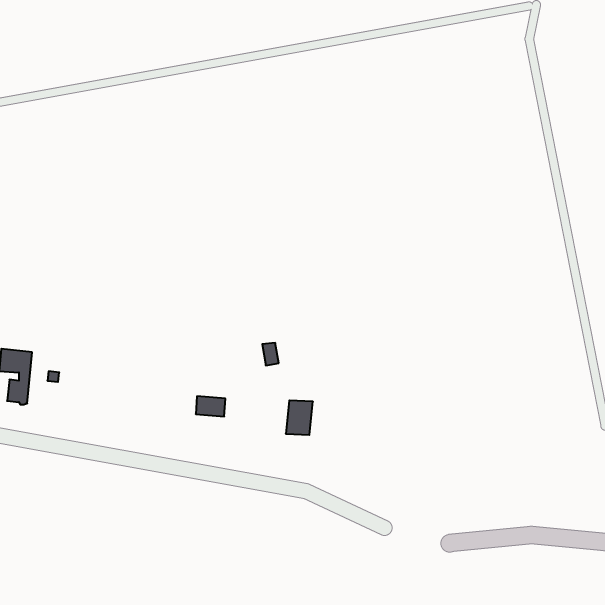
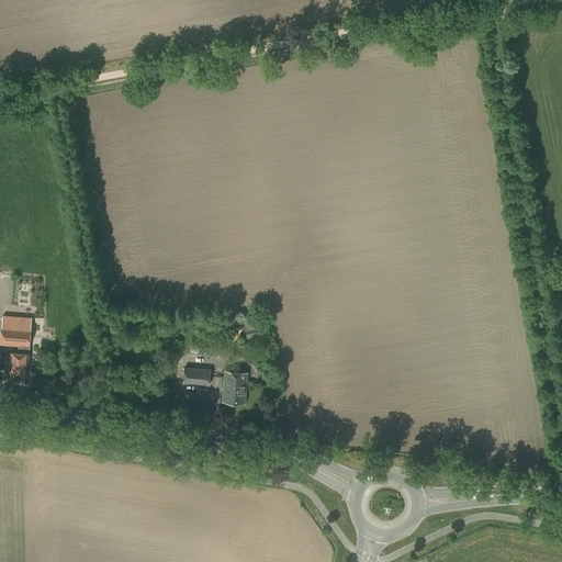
building: [286,400,313,435] -> [222,372,247,404]

